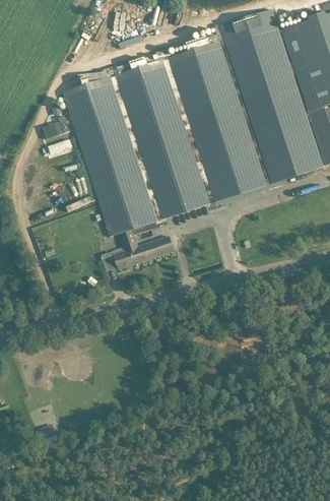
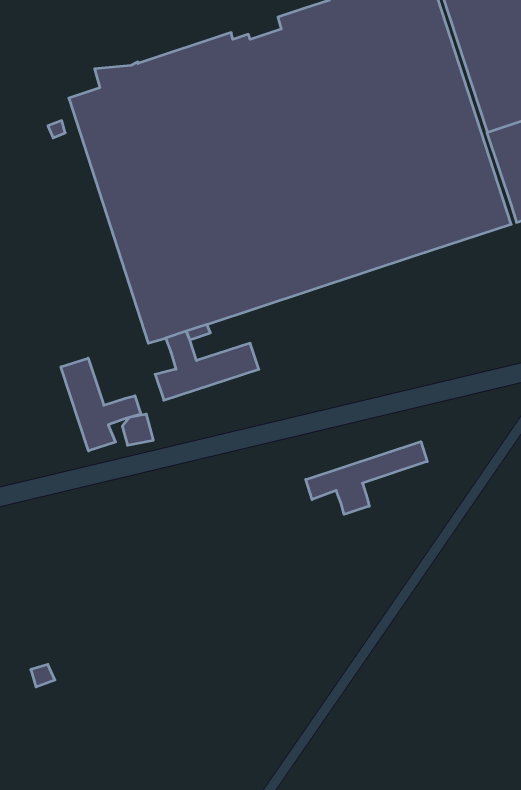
building: none -> [61,358,141,451]
building: none -> [306,442,427,514]

